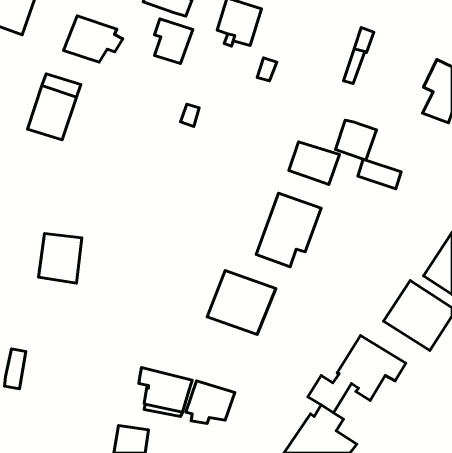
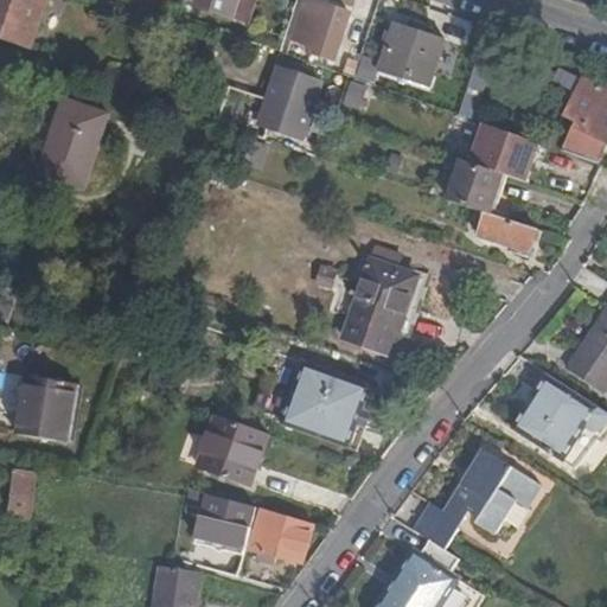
building: [64,16,123,62] -> none
building: none -> [377,23,443,87]
building: [155,19,193,63] -> [266,81,317,140]
building: [289,142,340,185] -> [471,124,538,181]
building: [38,233,82,283] -> [14,375,72,441]
building: none -> [196,414,268,484]

